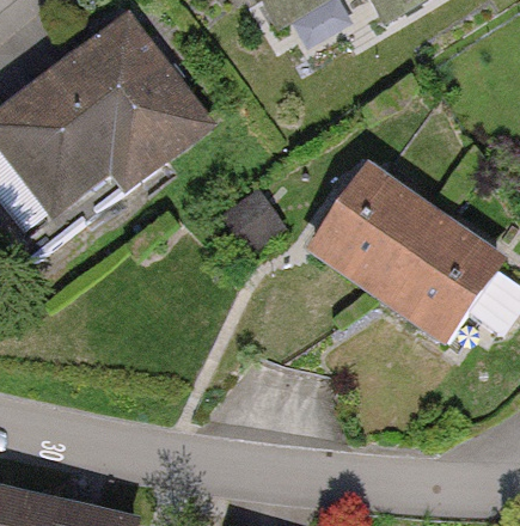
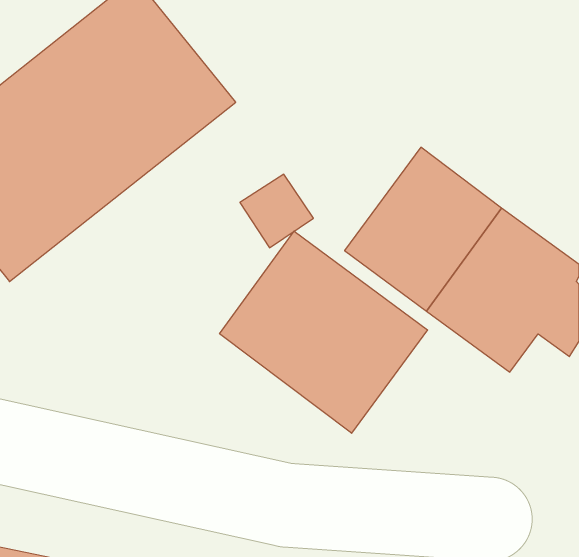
building: none -> [220,231,428,433]

